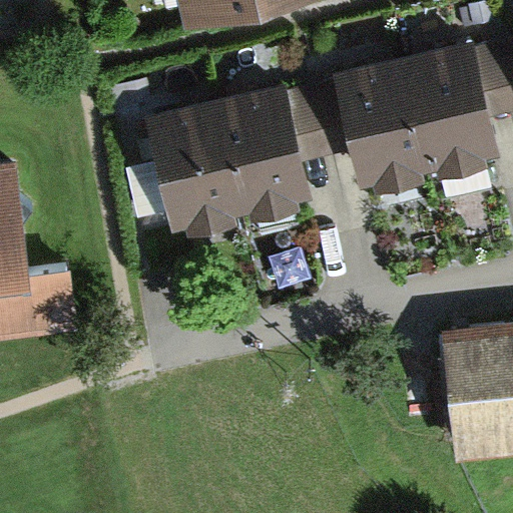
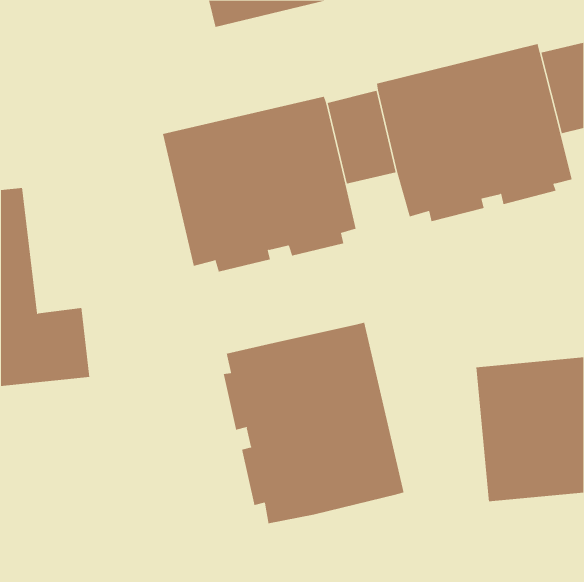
building: none -> [223,322,404,524]

